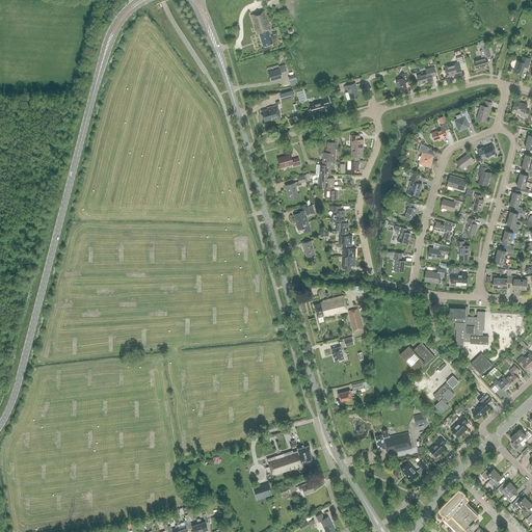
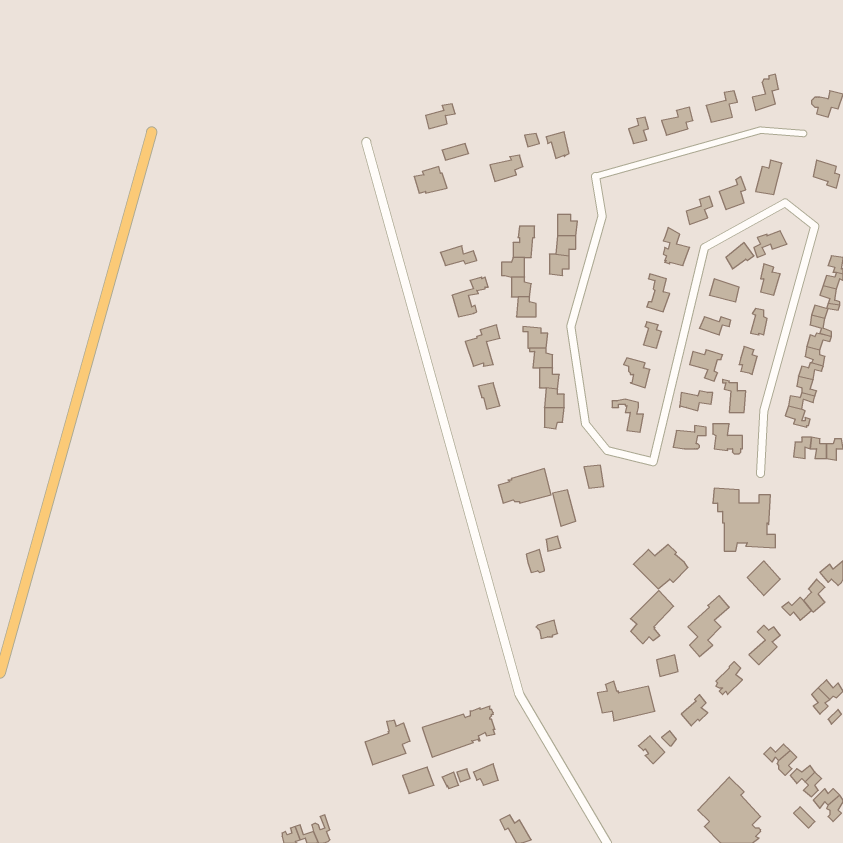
building: [250,10,273,48] -> none
building: none -> [630,591,674,644]
building: none -> [365,720,410,765]

